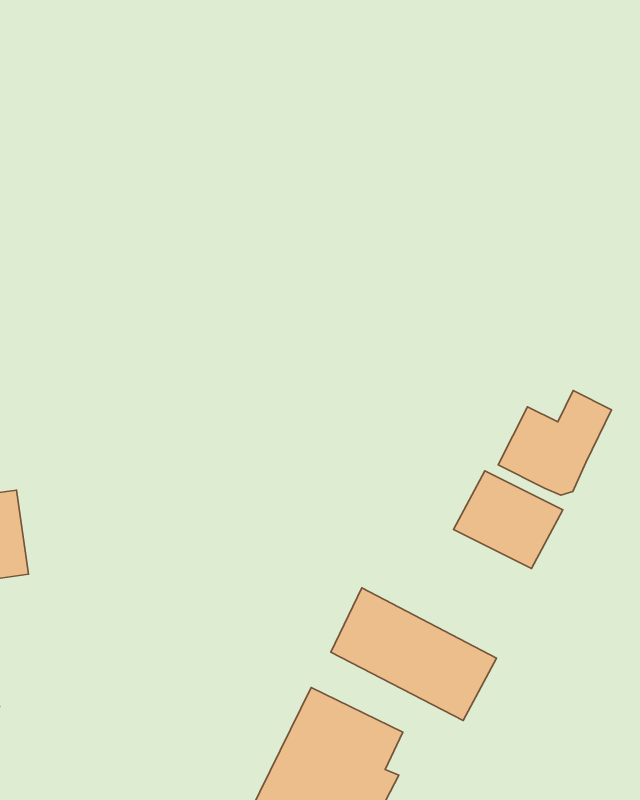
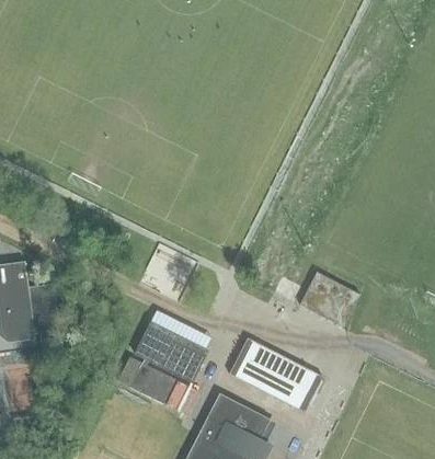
building: [498,391,612,495] -> none
building: none -> [117,322,207,404]

